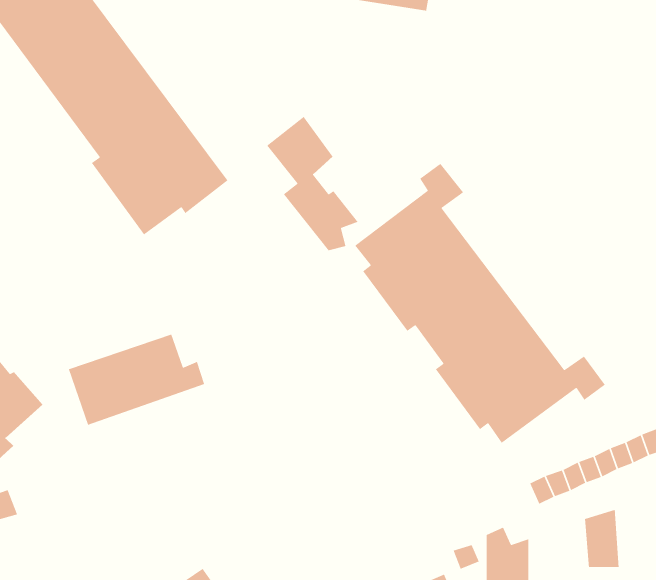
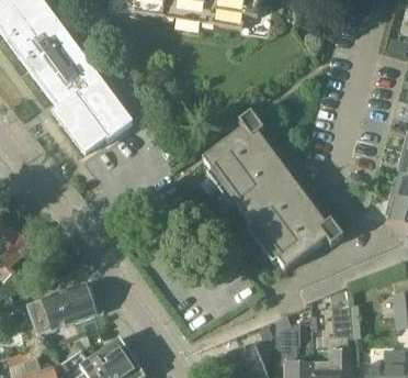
building: [266,116,359,251] -> none
building: [68,333,205,426] -> [27,281,104,333]

